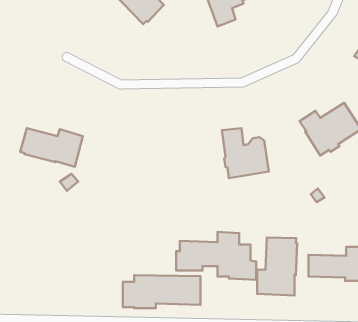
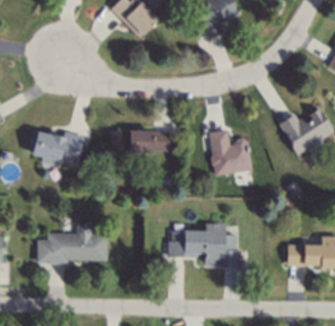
building: none -> [110,131,169,153]
building: [257,238,297,295] -> none
building: [123,275,200,308] -> [37,234,107,263]

